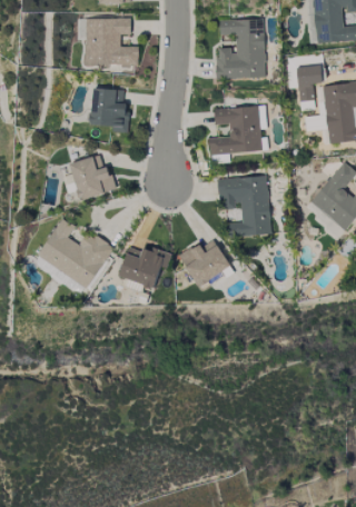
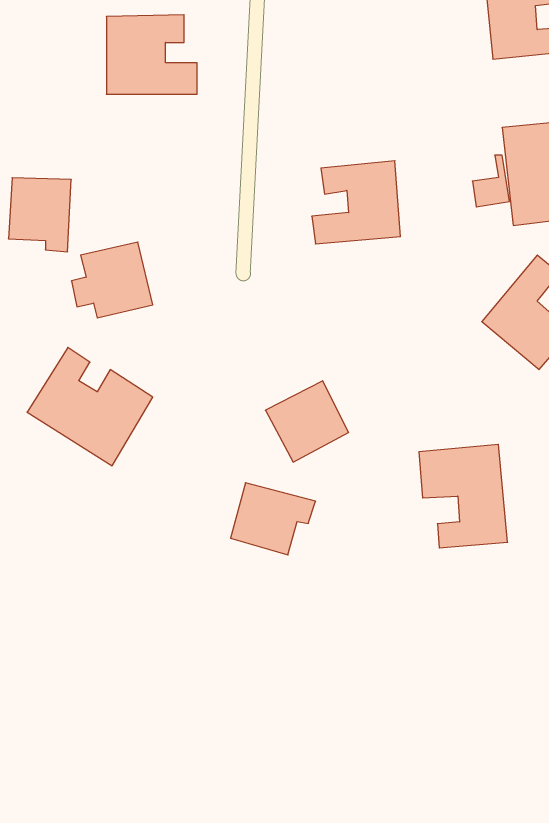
building: [217,18,266,78] -> none
building: [297,66,325,101] -> none
building: [90,88,128,132] -> [8,178,71,252]
building: [218,175,271,237] -> [419,444,508,548]
building: [120,243,171,287] -> [231,483,316,555]

